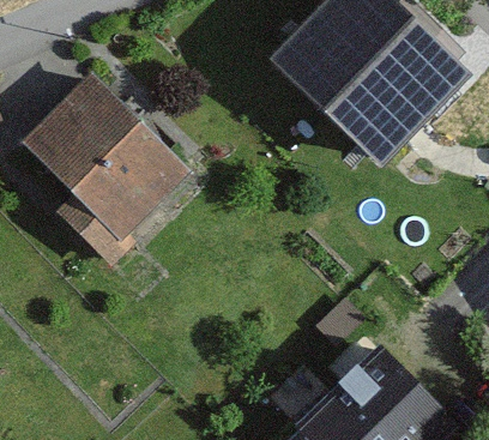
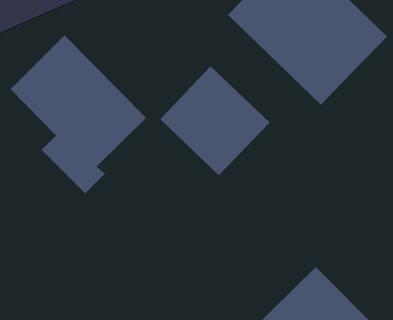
building: none -> [160,65,270,176]

